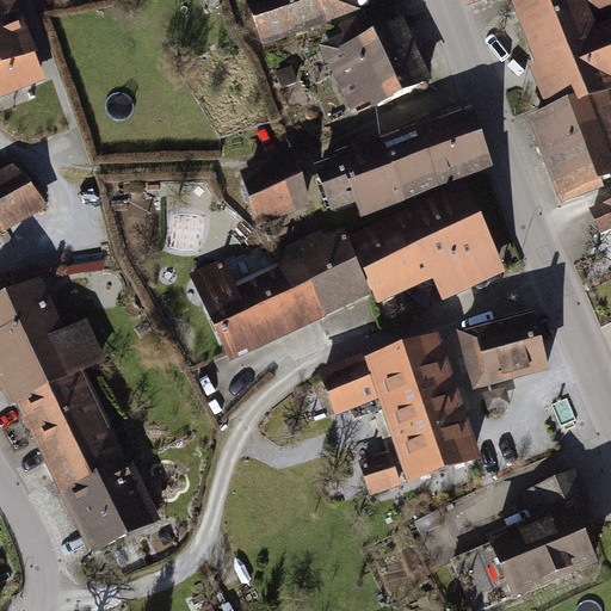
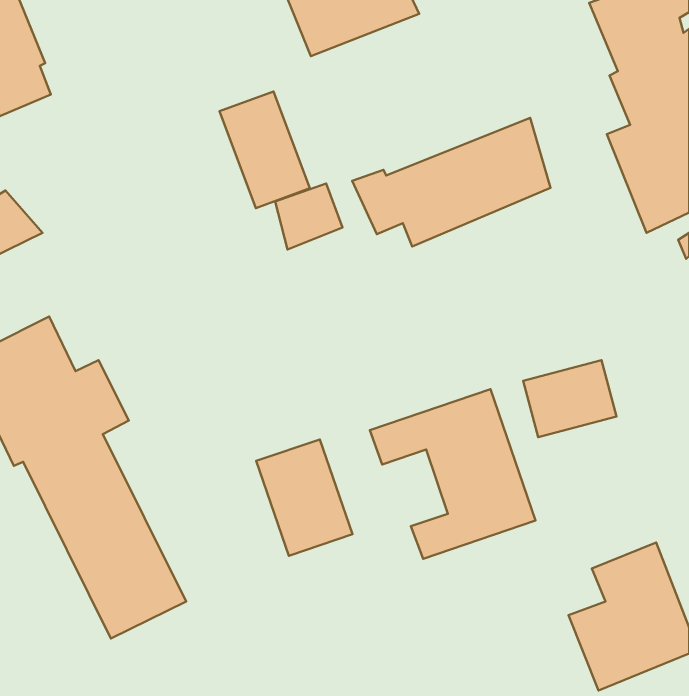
building: [323,5,431,112] -> none
building: none -> [220,91,310,208]
building: [187,183,507,363] -> none
building: none -> [256,439,353,556]

